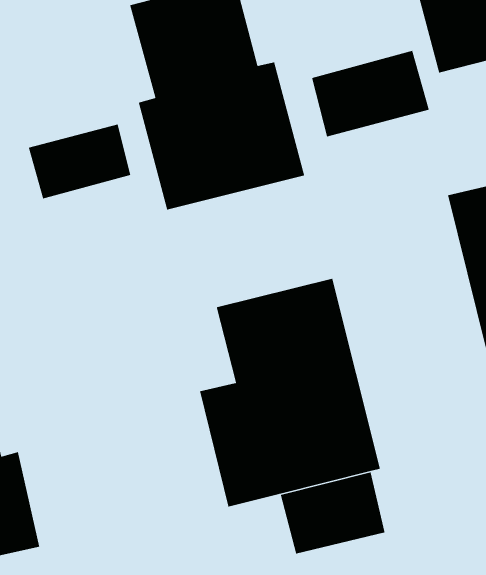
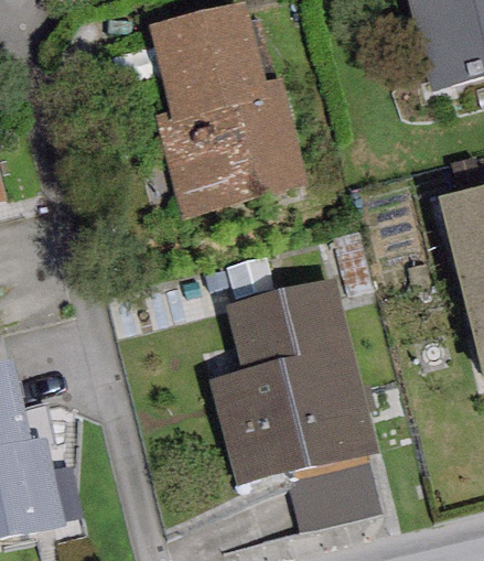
building: [311,50,430,137] -> none
building: [28,123,131,200] -> none

